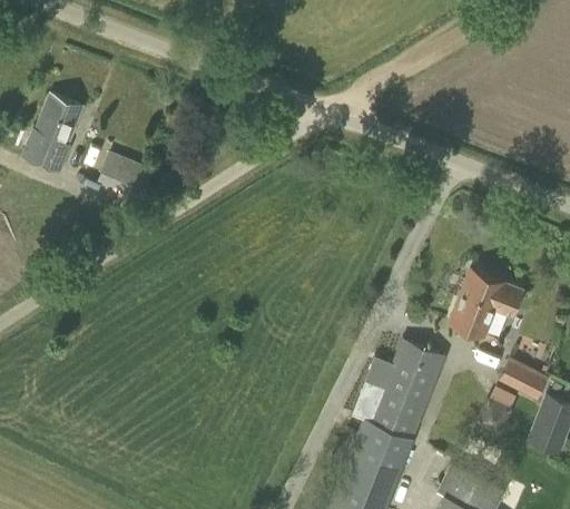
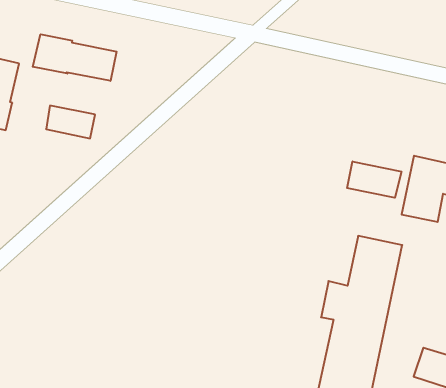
building: none -> [33,34,117,81]
building: none -> [347,161,401,198]

